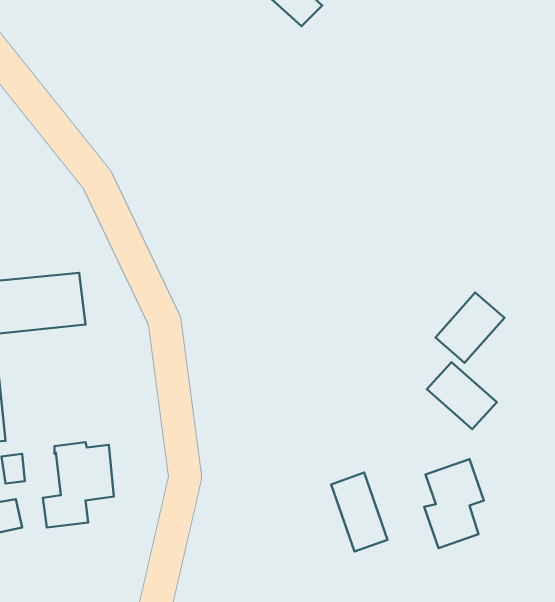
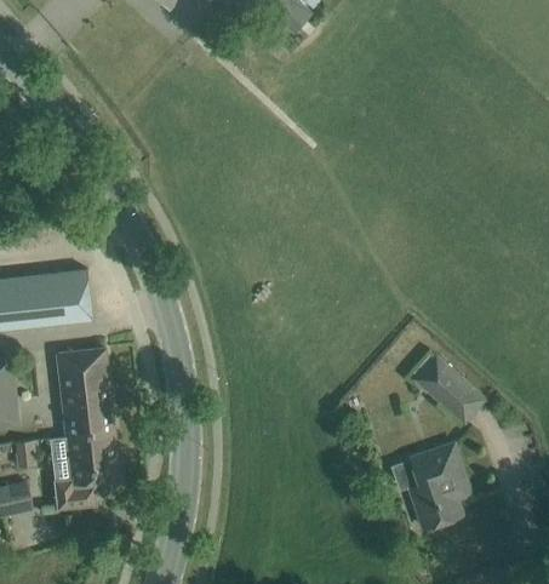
building: [435,292,505,363] -> none
building: none -> [52,348,113,433]
building: [331,473,387,552] -> none

